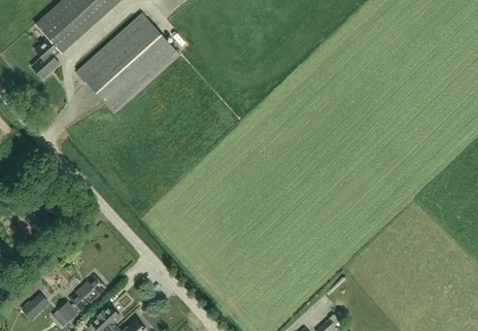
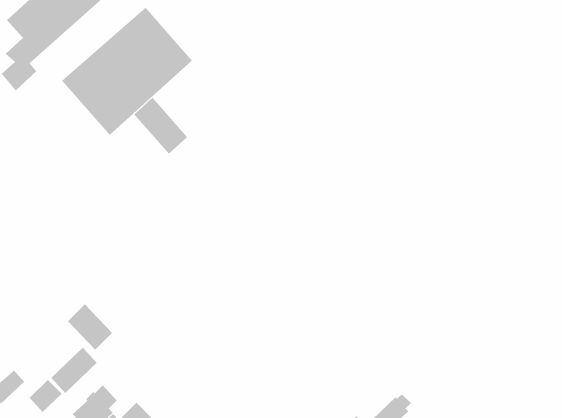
building: none -> [133,97,188,155]
building: none -> [67,304,113,350]

